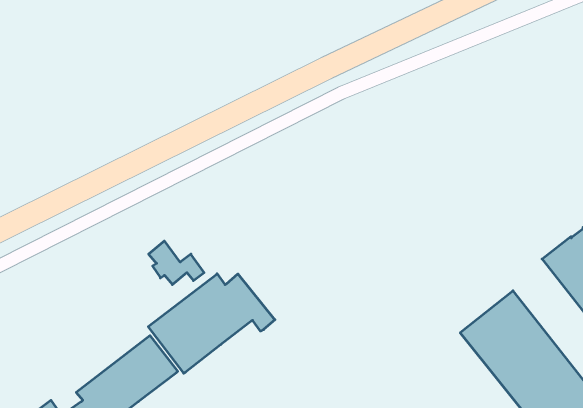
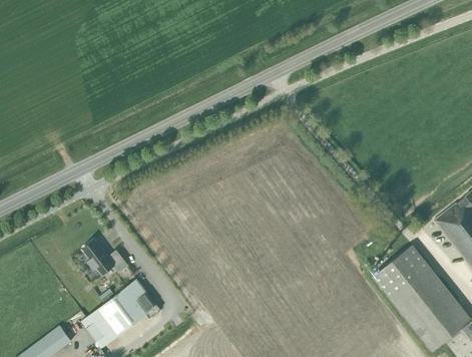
building: [149,241,204,285] -> [84,242,126,275]
building: [148,274,275,373] -> none

